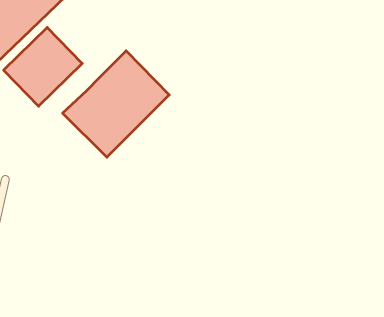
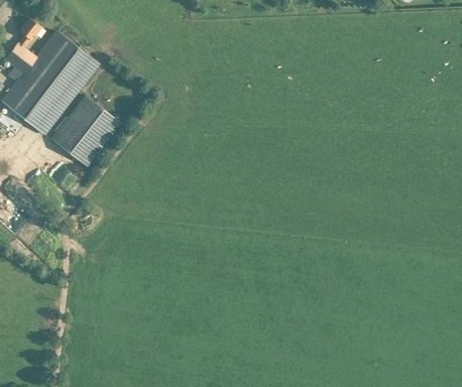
building: [63,51,169,157] -> none

